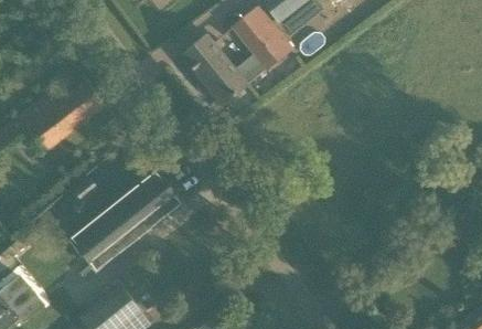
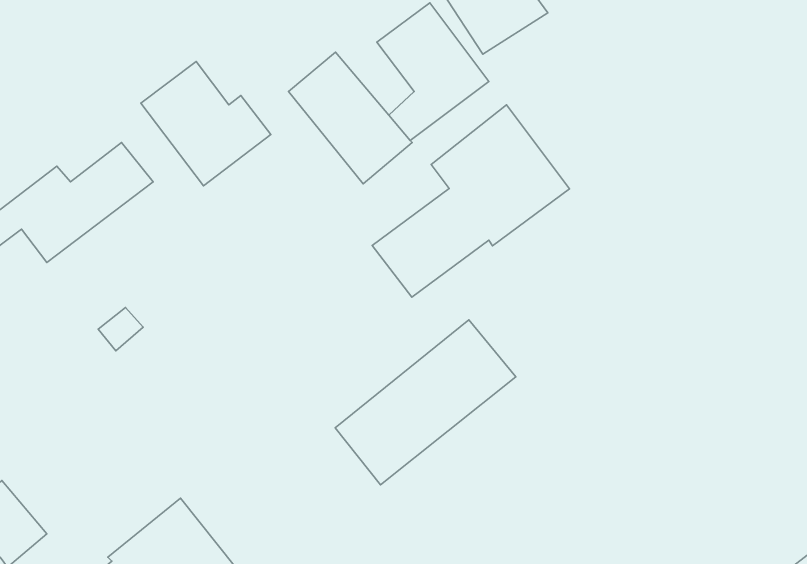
building: none -> [141,61,271,186]
building: none -> [372,105,569,297]
building: [81,171,182,264] -> [335,320,516,485]

